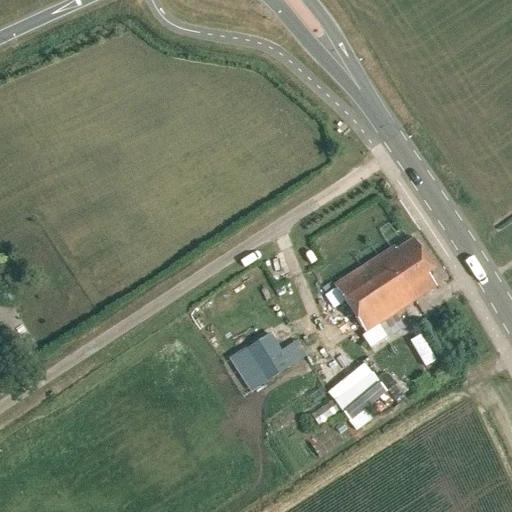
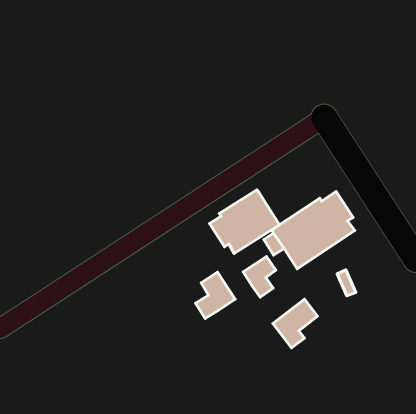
building: none -> [210,190,280,253]
building: none -> [243,256,276,297]

